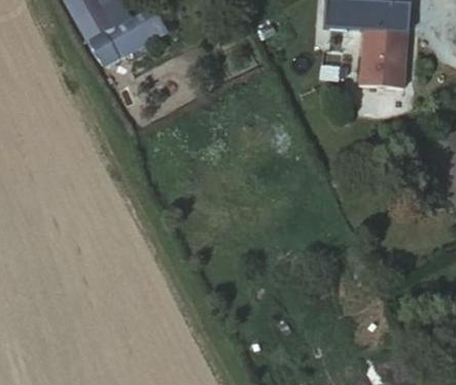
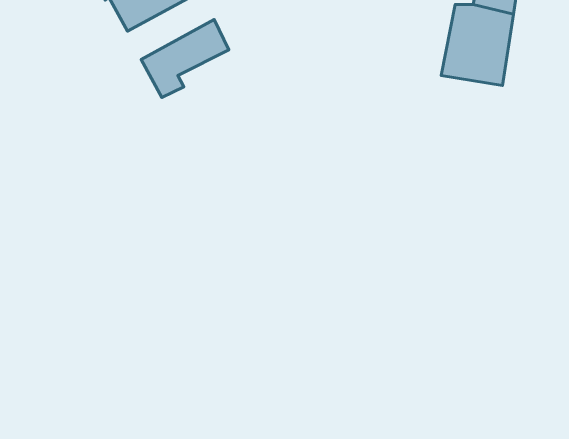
building: none -> [141,20,229,97]

